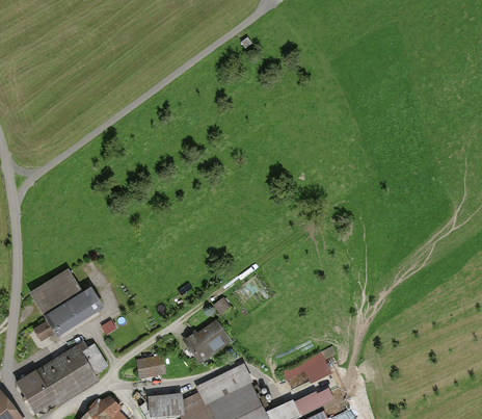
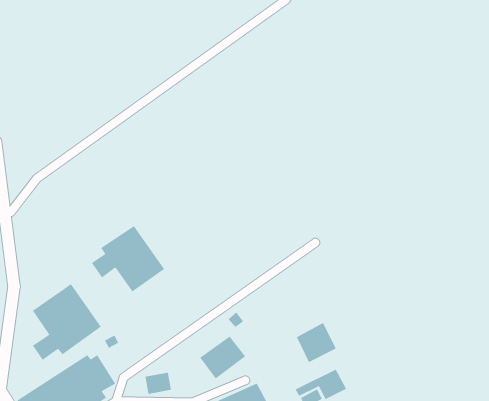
building: none -> [91,225,165,292]
building: none -> [296,322,337,363]

